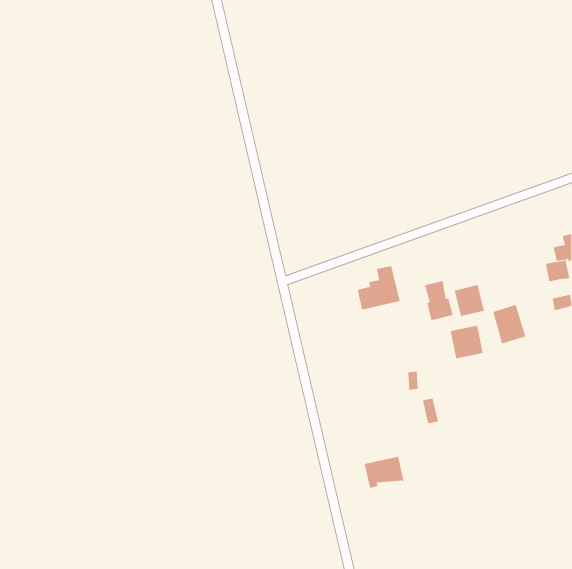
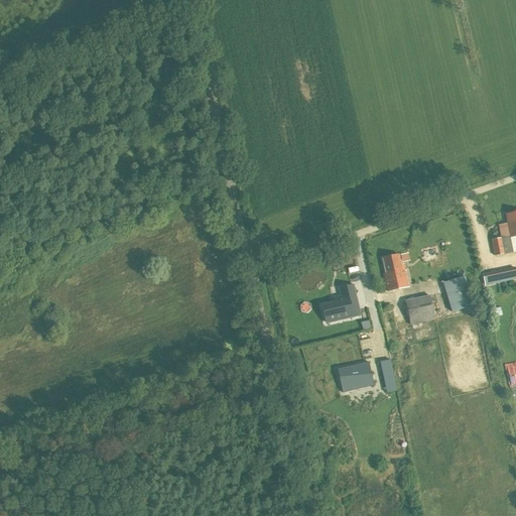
building: [357,265,401,310] -> [319,284,359,325]
building: [454,284,485,317] -> none
building: [364,456,404,488] -> [338,361,374,390]

